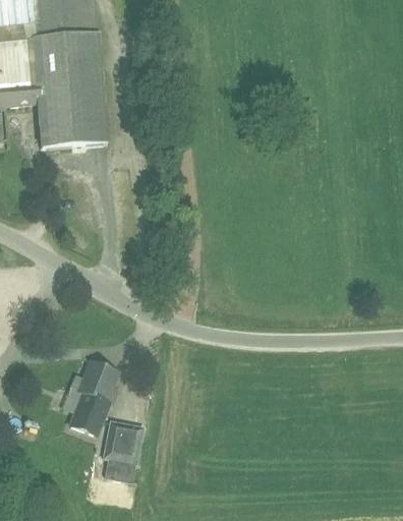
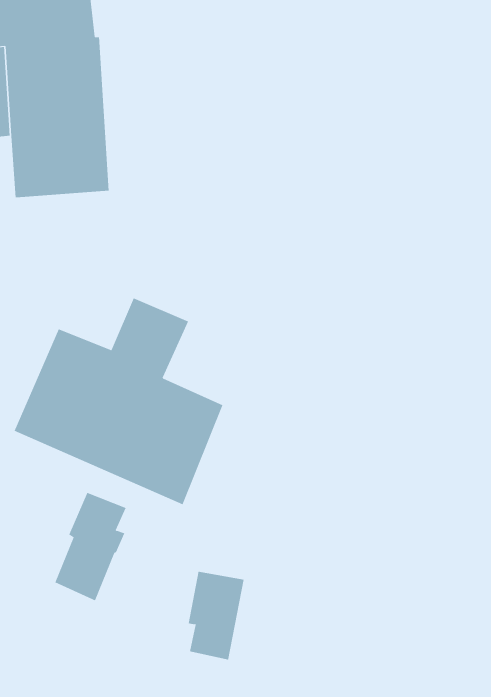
building: none -> [14,298,223,505]
building: [103,418,143,482] -> [188,571,244,660]

